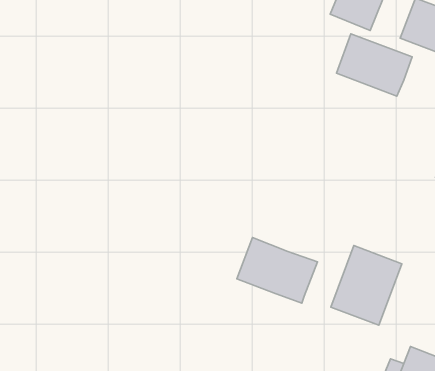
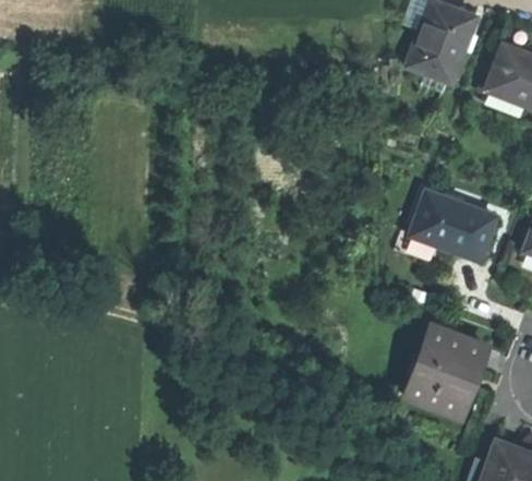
building: [337,34,412,96] -> [411,191,497,262]
building: [237,238,317,303] -> none

